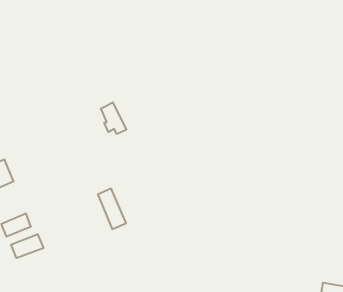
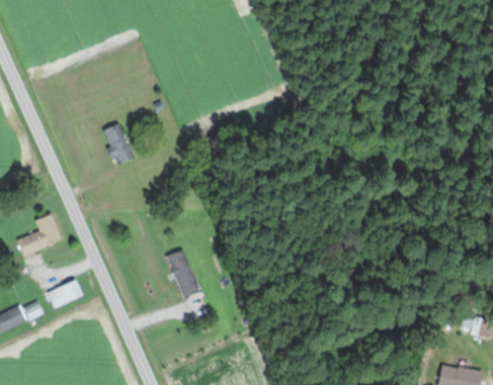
building: [101,102,126,134] -> [102,123,134,162]
building: [11,234,43,258] -> none

